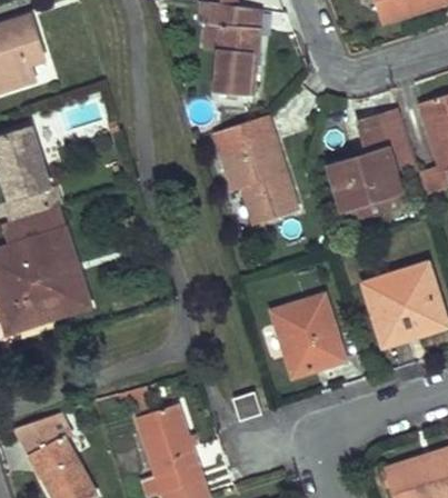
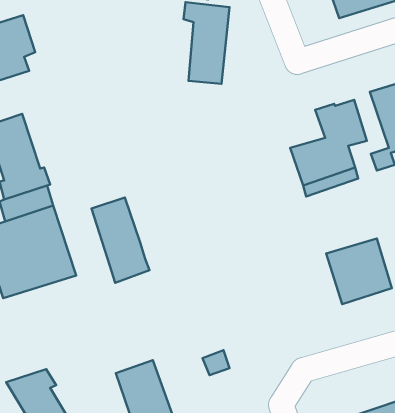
building: [216,108,299,226] -> none
building: none -> [91,198,150,283]
building: [272,295,345,375] -> none

